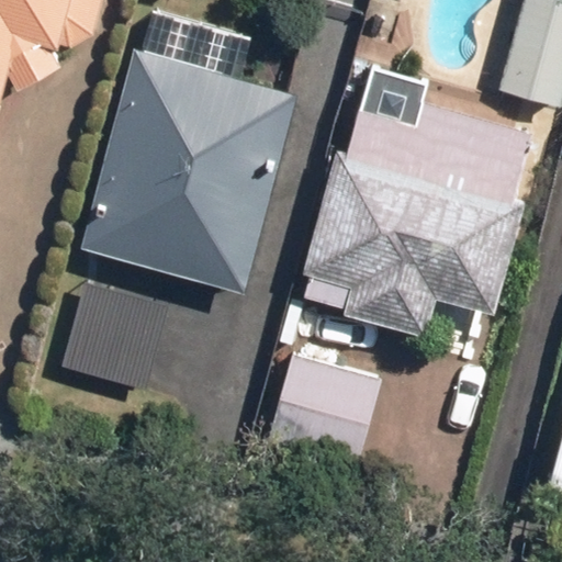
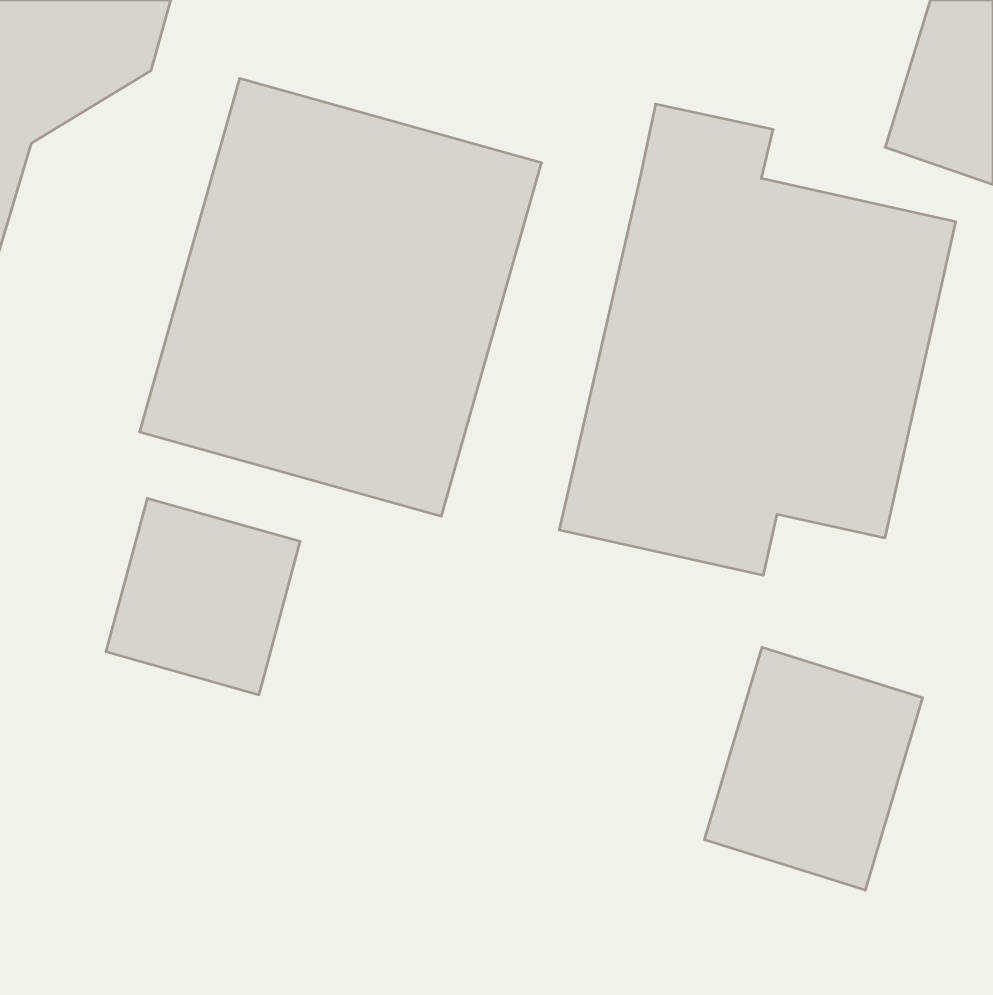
building: [267,350,375,460] -> none
building: none -> [705,647,923,890]

